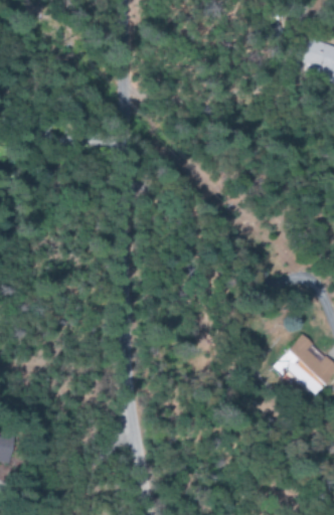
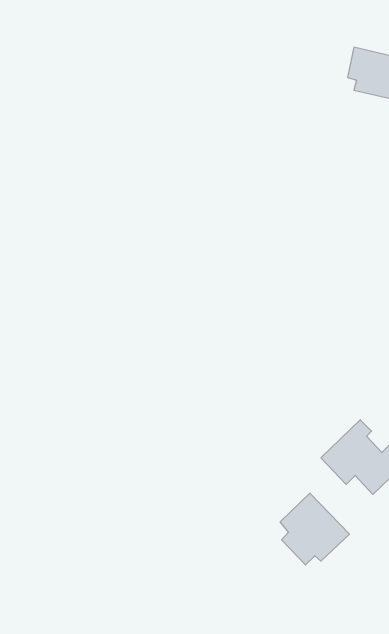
building: none -> [280,493,349,565]

